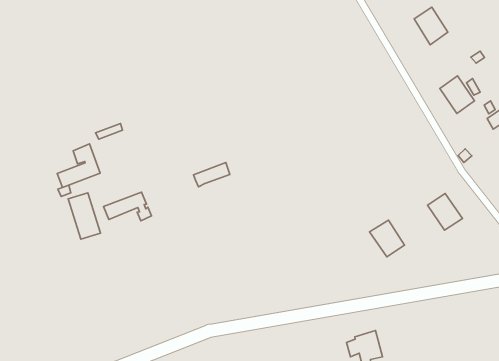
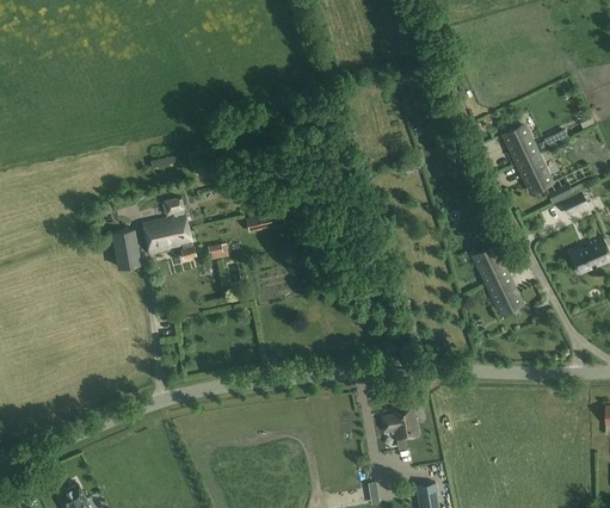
building: [414,7,448,45] -> [504,125,537,165]
building: [57,144,100,187] -> [143,198,189,240]
building: [370,220,404,257] -> [473,247,507,285]

